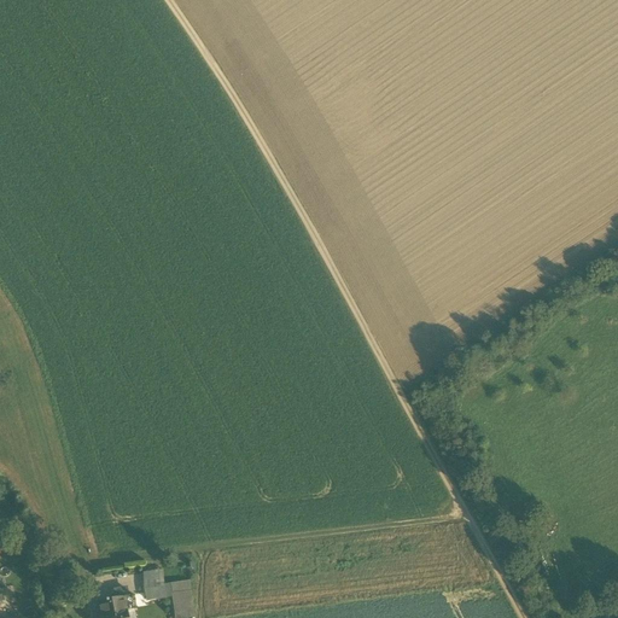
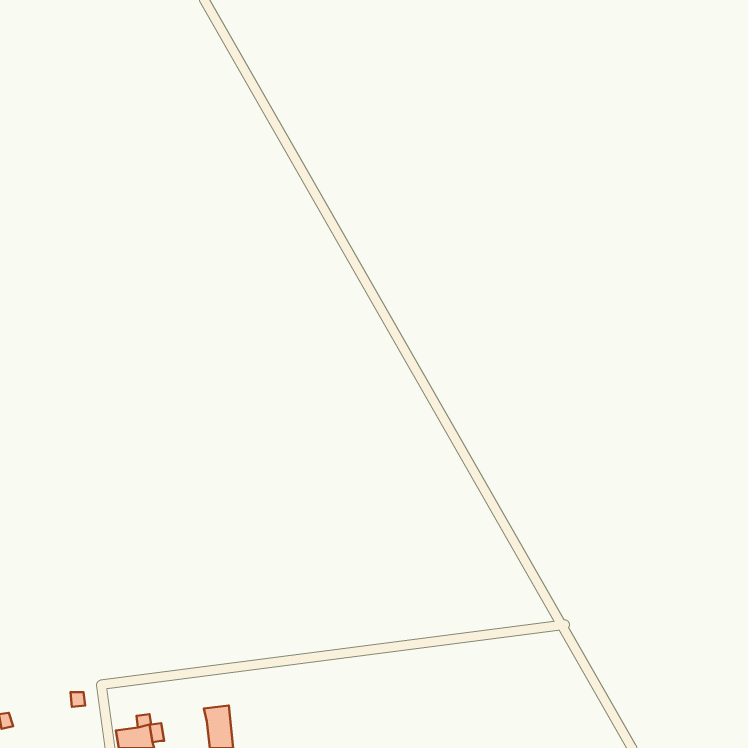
building: [141,570,170,599] -> none

